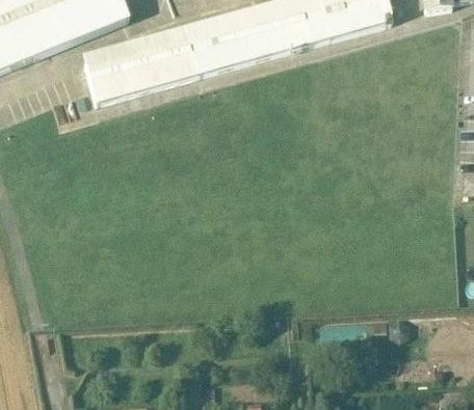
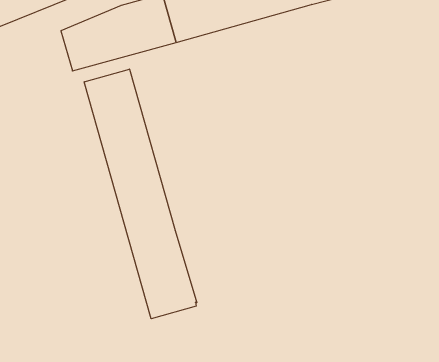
building: none -> [84,69,197,319]

